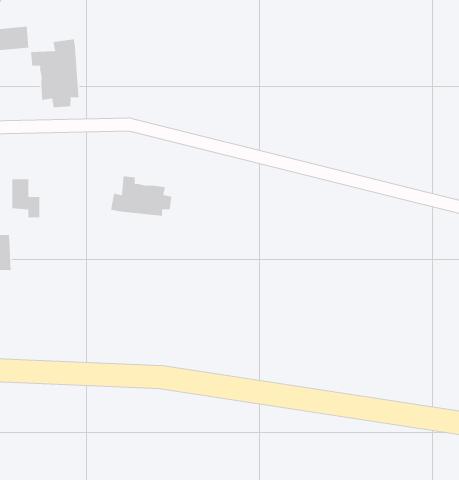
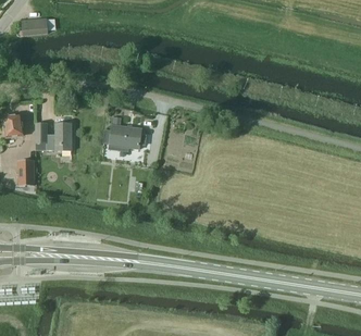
building: [30,38,79,108] -> none
building: none -> [54,124,71,151]

